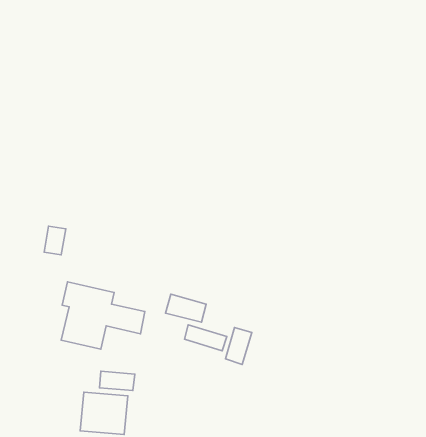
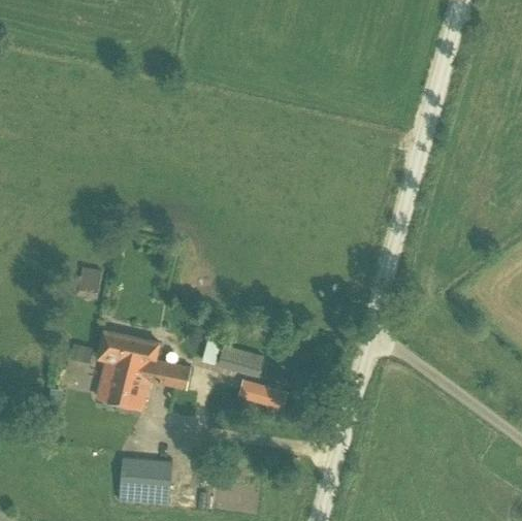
building: [225,327,252,365] -> none
building: [99,371,135,390] -> none

